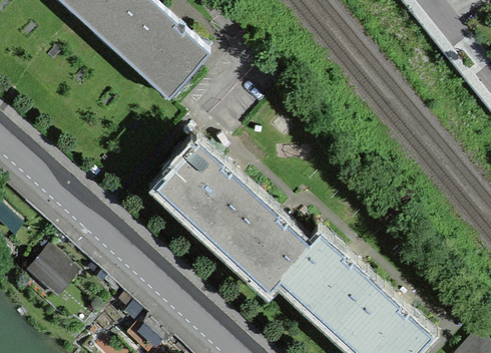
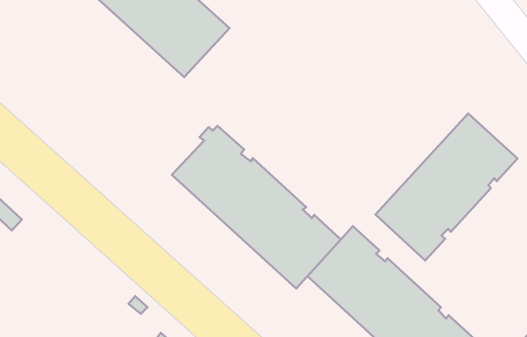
building: none -> [375,114,518,260]
building: [24,246,79,300] -> none

